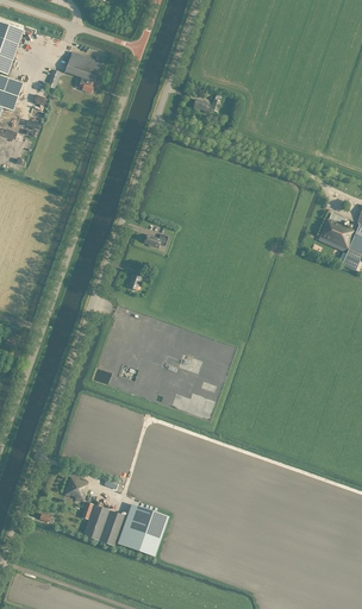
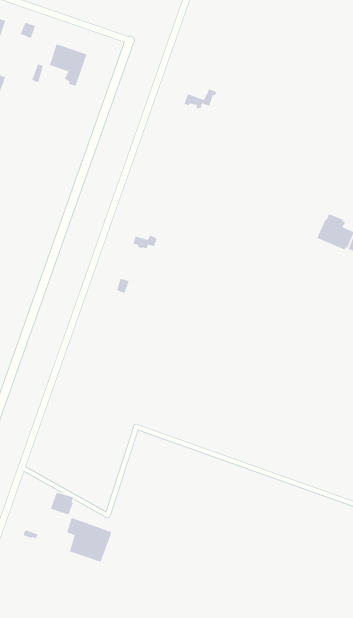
building: [116,503,167,557] -> none

